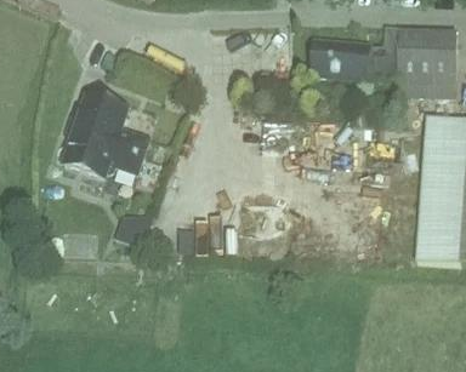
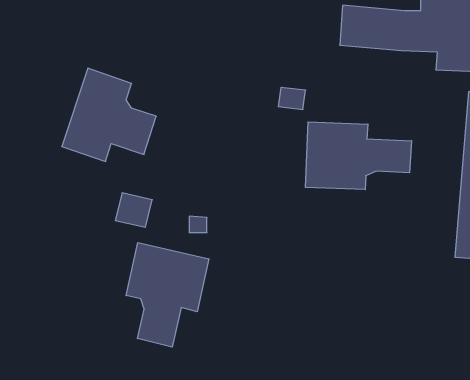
building: none -> [305,122,412,190]
building: none -> [126,243,209,347]

